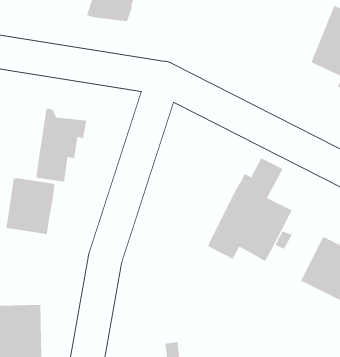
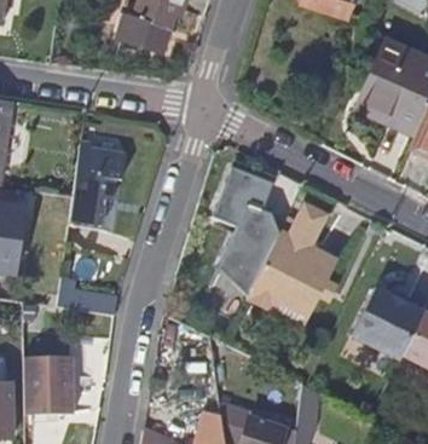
building: none -> [213,166,280,293]
building: [6,177,55,235] -> none

